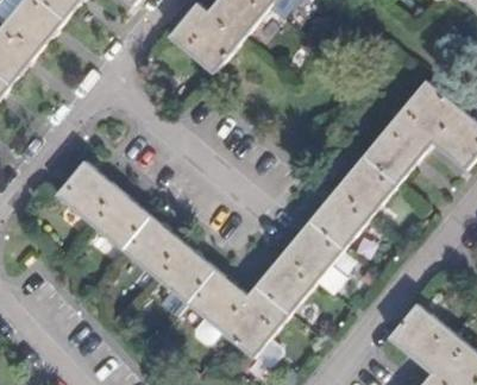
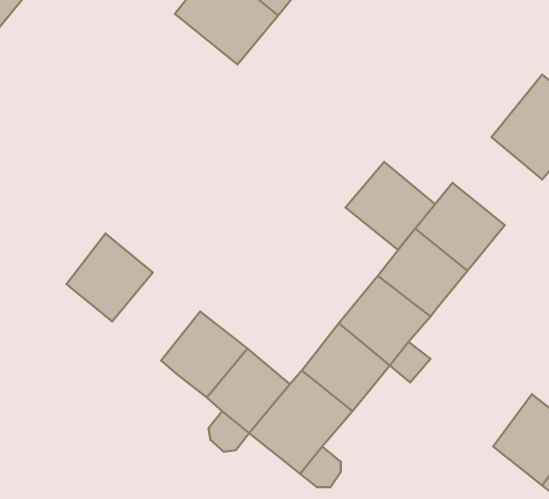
building: [363,122,426,184] -> [345,162,435,250]
building: [57,163,119,226] -> none
building: [124,217,186,279] -> none

